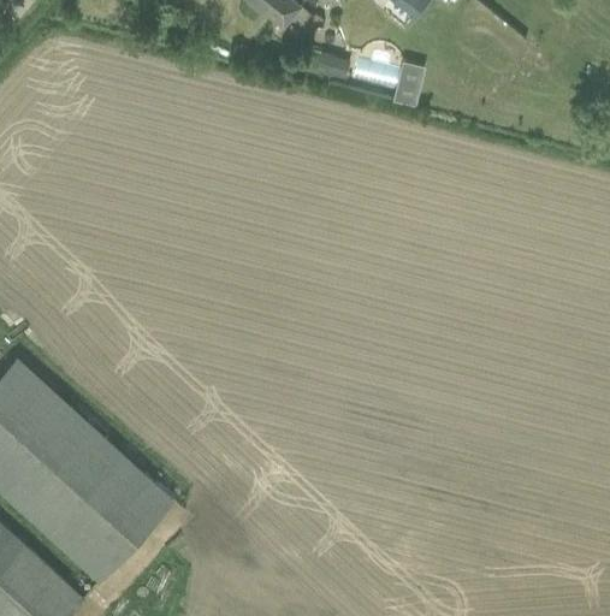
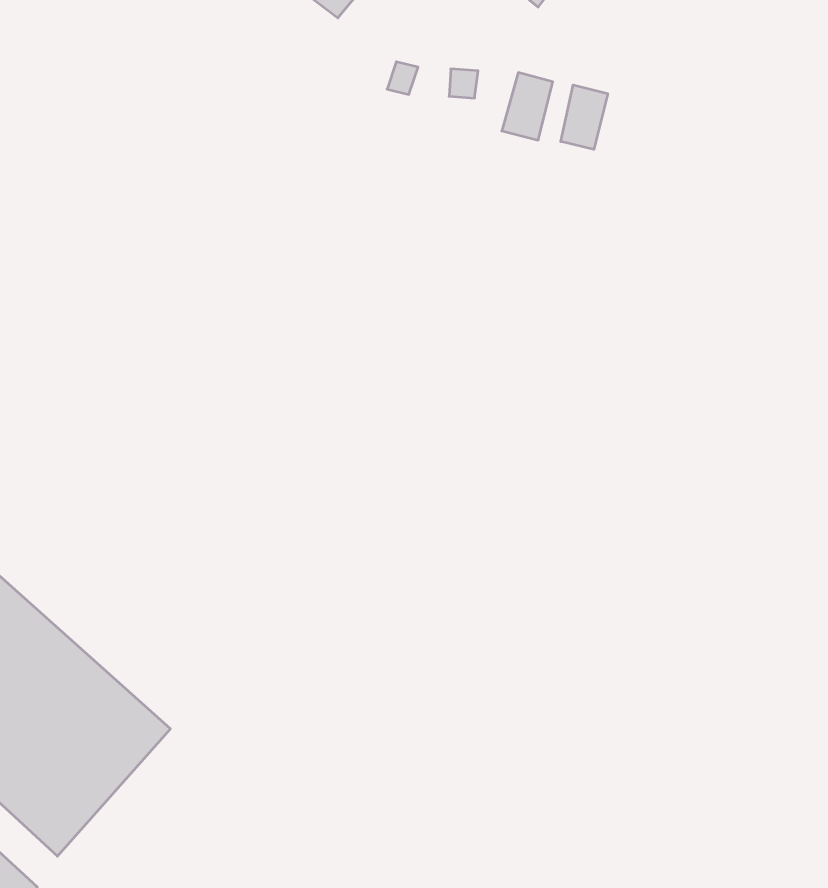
building: none -> [561,85,608,149]

